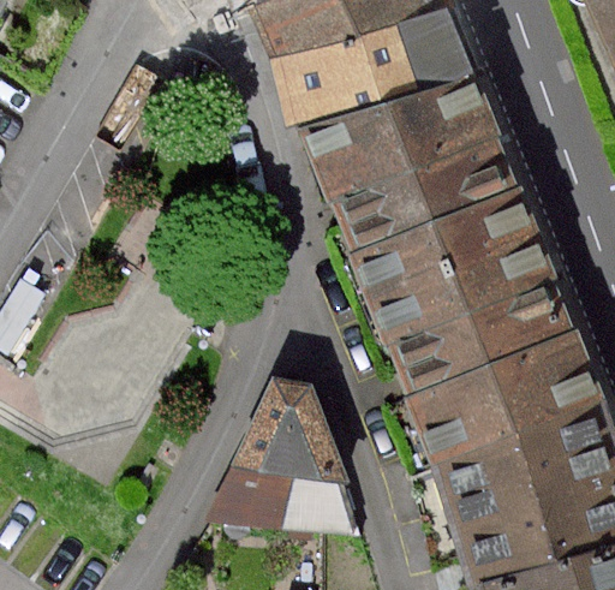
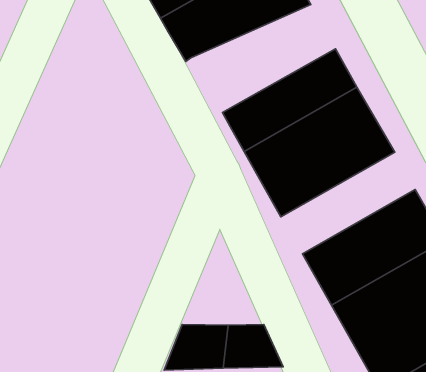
building: [303,78,489,199] -> none
building: [388,282,565,395] -> none
building: [241,373,359,479] -> none

